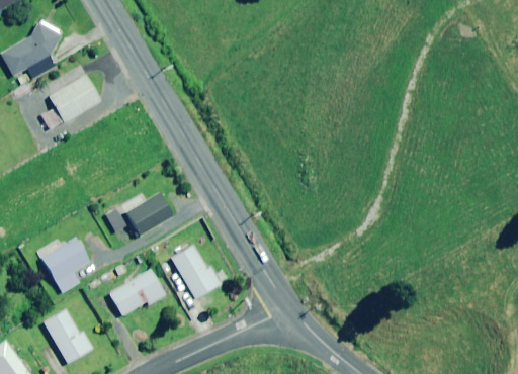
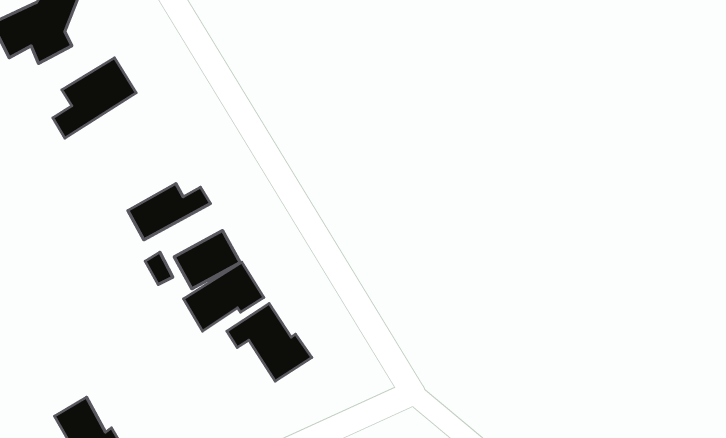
building: none -> [128,183,211,240]
building: [40,237,89,292] -> none
building: [109,269,165,316] -> [183,262,264,331]

